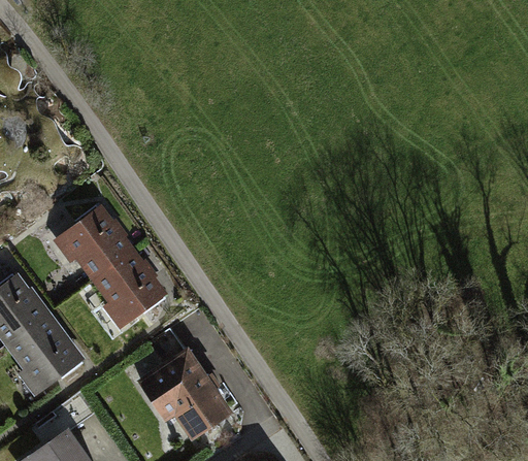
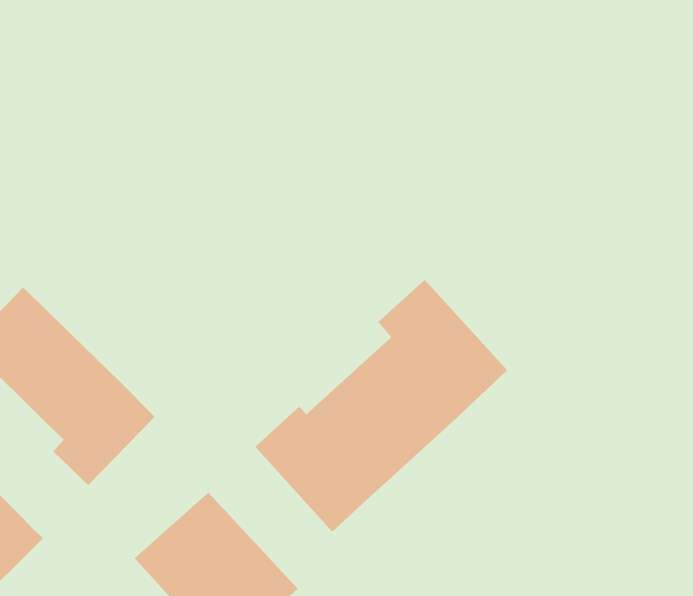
building: none -> [255,279,508,532]

